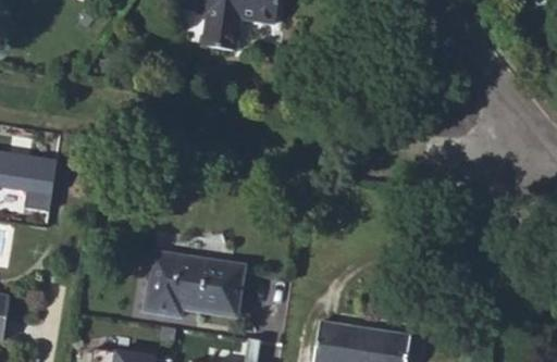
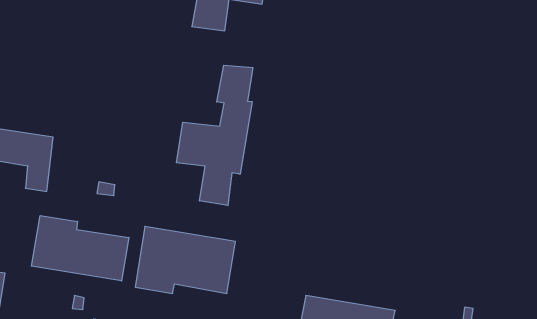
building: none -> [176,65,253,206]
building: none -> [31,216,129,281]

